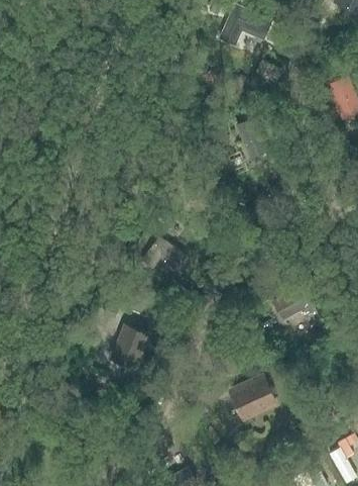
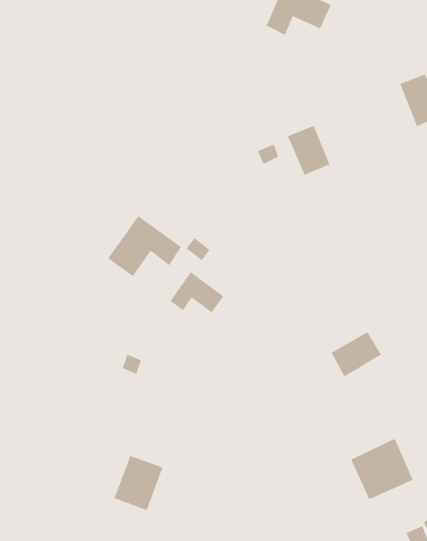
building: none -> [107,215,182,277]
building: [110,325,150,371] -> [114,455,164,511]
building: [228,374,279,424] -> [350,438,414,500]

